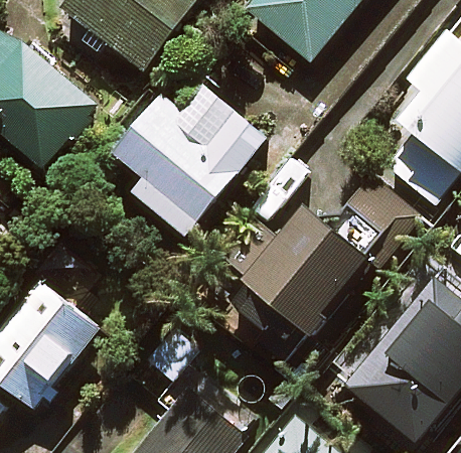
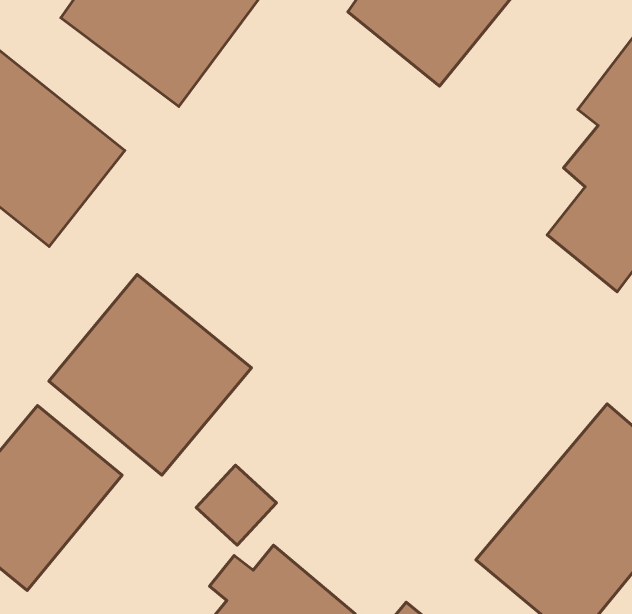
building: [119,87,272,236] -> none
building: [227,176,372,331] -> none
building: none -> [49,275,252,475]

